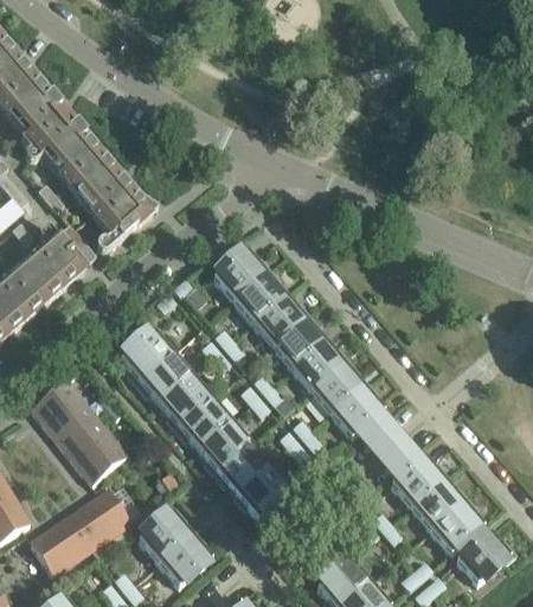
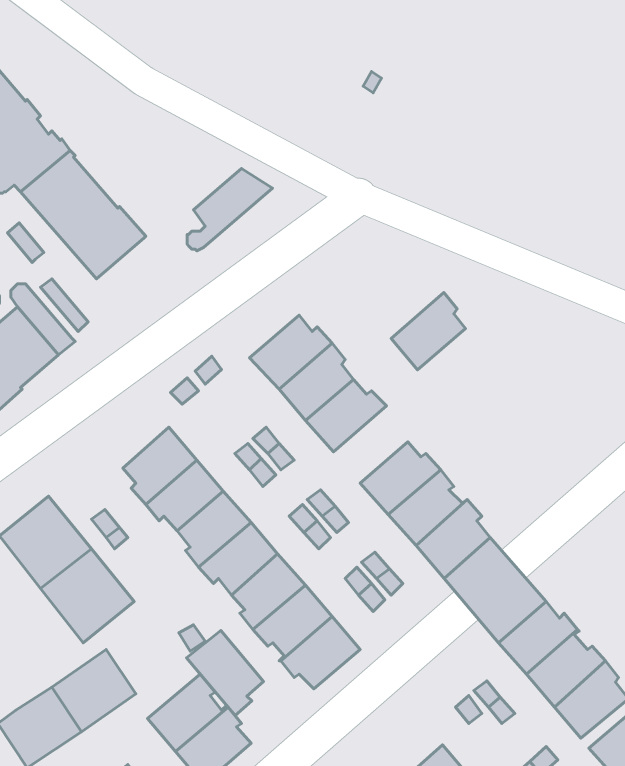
building: [96,193,158,253] -> [187,169,273,251]
building: [271,314,325,370] -> [391,292,465,370]
building: none -> [187,631,263,715]

